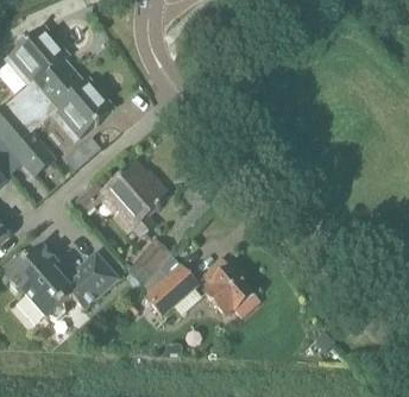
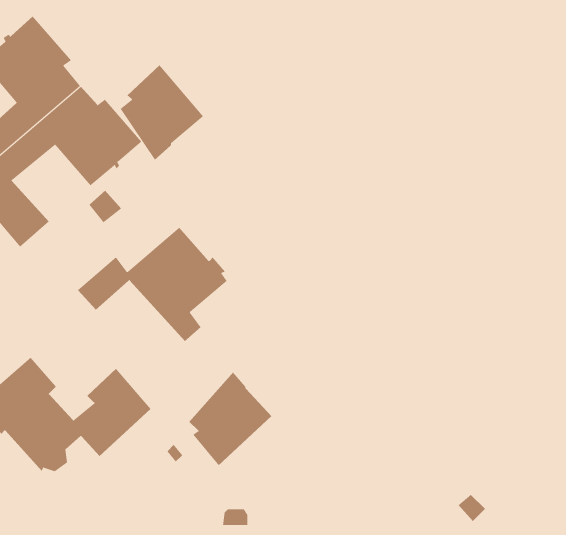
building: none -> [120,64,204,160]
building: [126,237,171,286] -> none
building: [204,259,259,316] -> none

